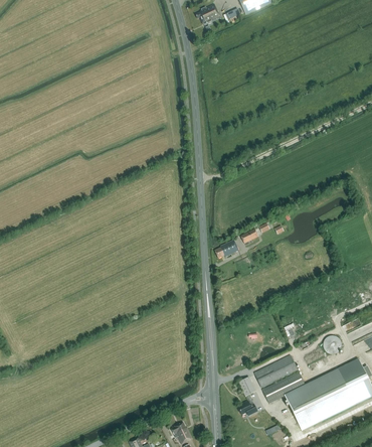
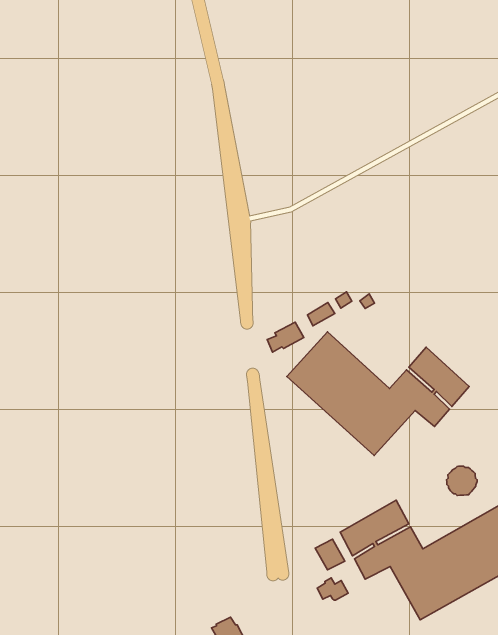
building: none -> [287,332,469,456]

